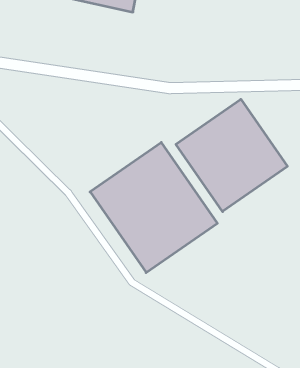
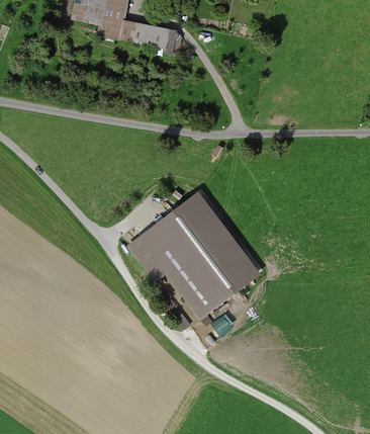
building: [176,99,287,212] -> none

